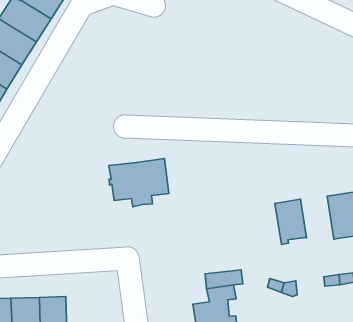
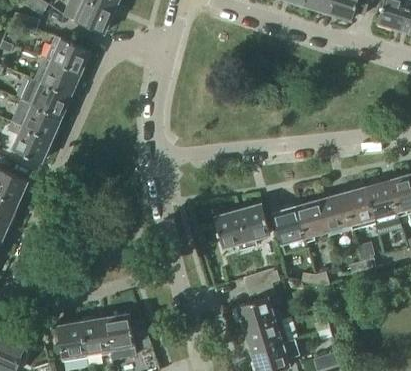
building: [109,159,169,207] -> [215,204,271,250]
building: none -> [320,194,354,238]
building: none -> [275,207,309,254]

